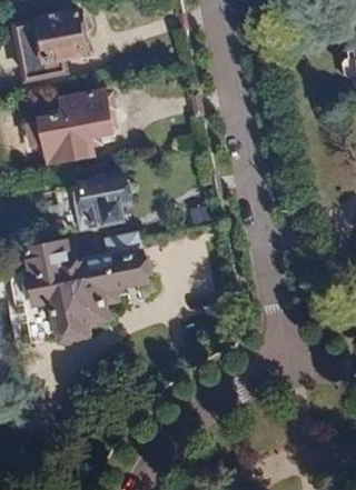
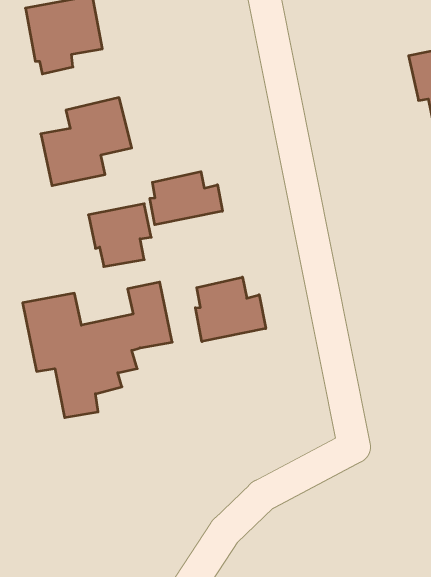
building: none -> [150,172,222,225]
building: none -> [195,277,266,342]

